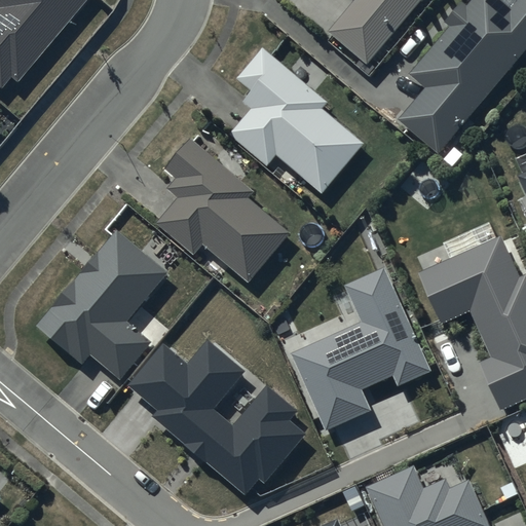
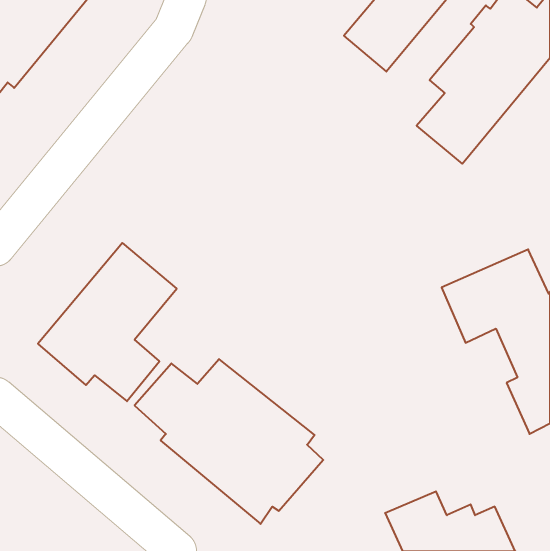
building: [228,47,364,194] -> none
building: [155,139,290,284] -> none
building: [293,266,431,429] -> none

